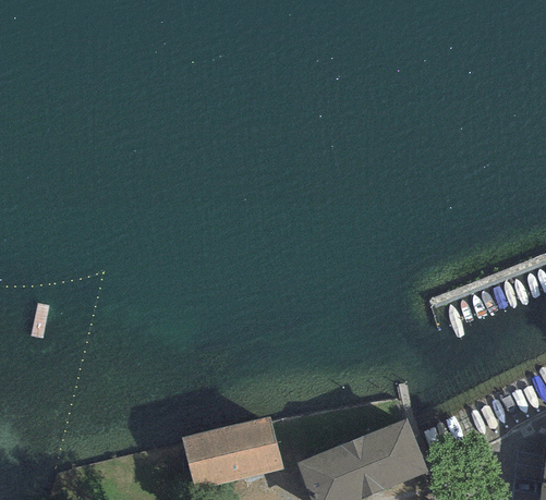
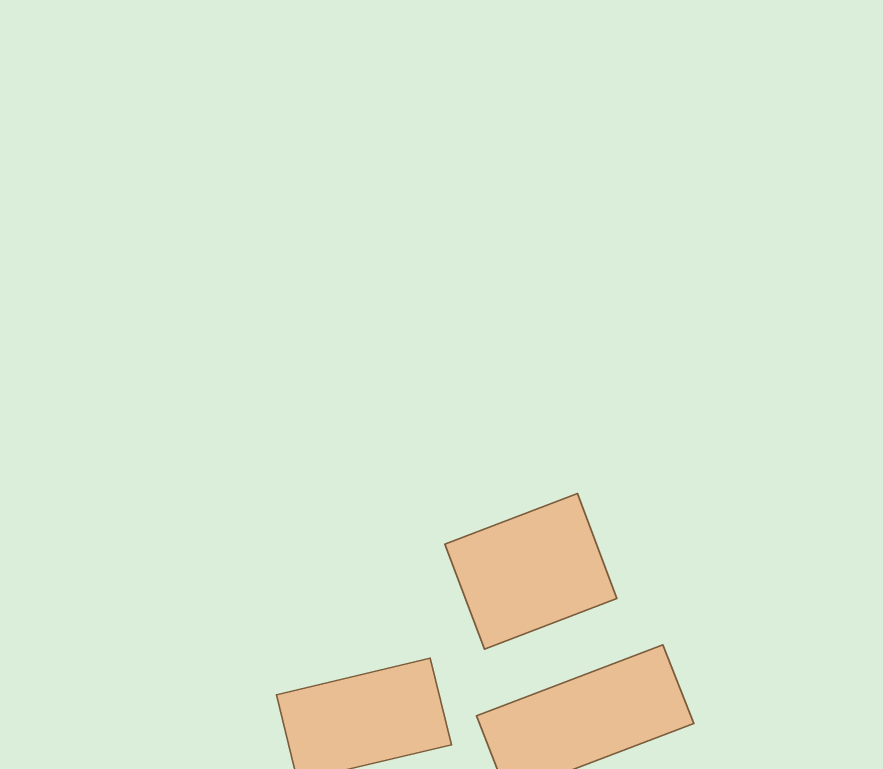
building: none -> [445,494,617,649]

